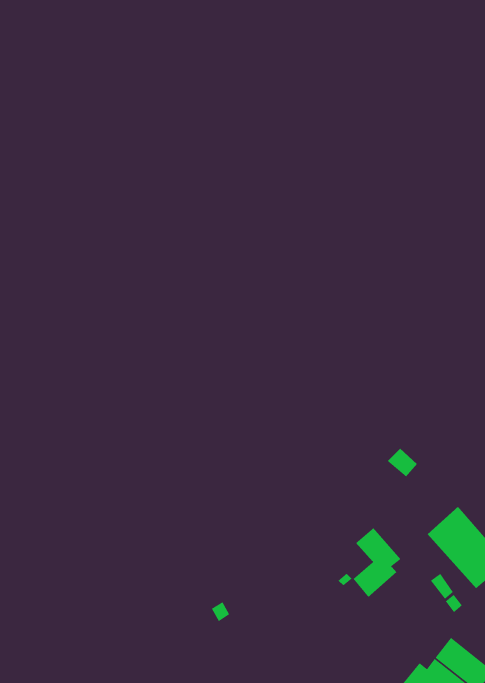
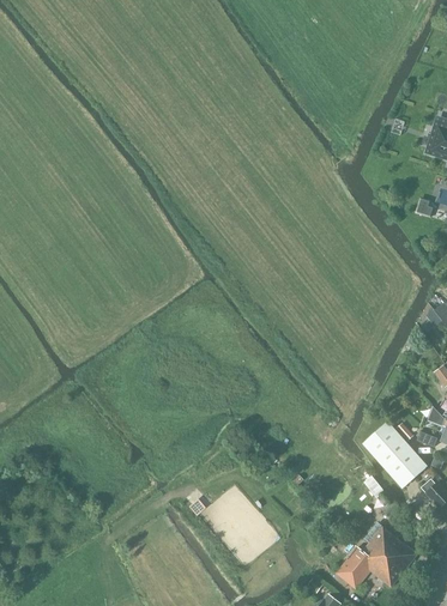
building: [352,527,401,598] -> none

